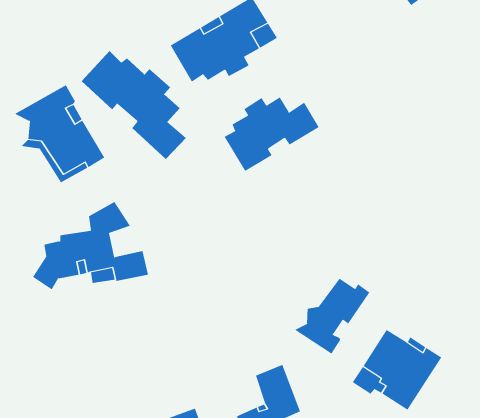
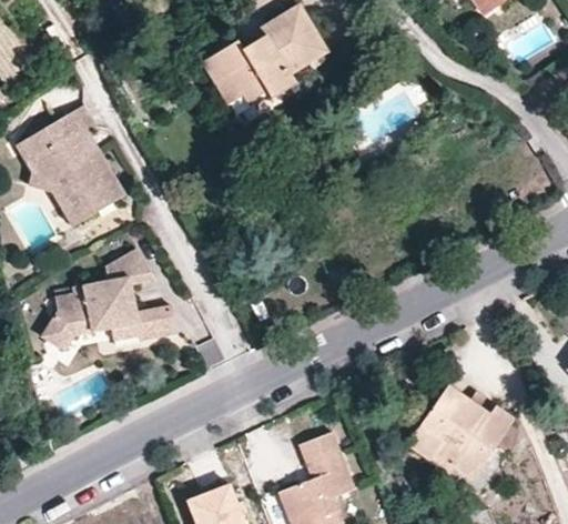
building: [81,50,187,160] -> none
building: [224,97,319,172] -> none
building: [294,278,370,355] -> none

